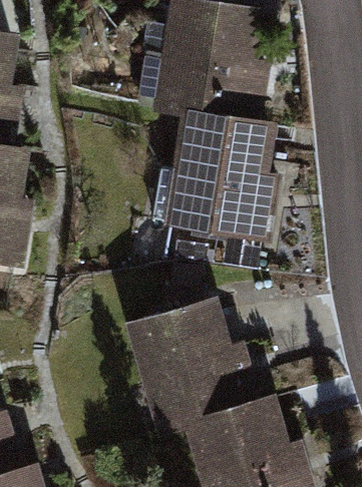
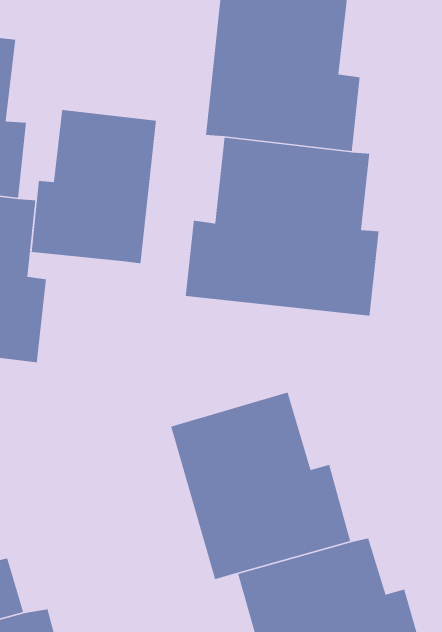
building: none -> [31,109,157,264]

